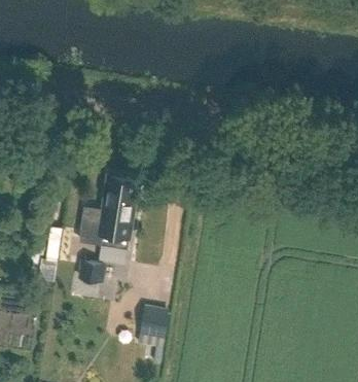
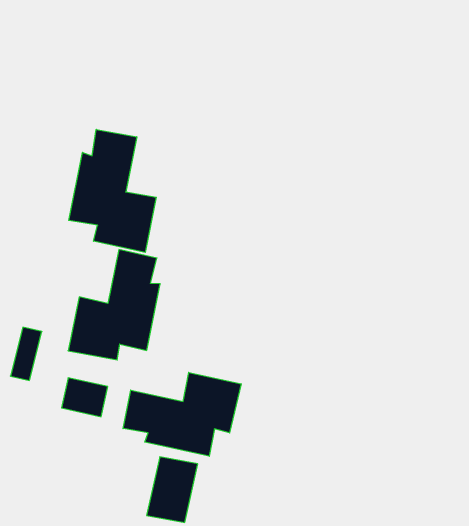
building: none -> [69,129,156,252]
building: none -> [123,372,241,456]

